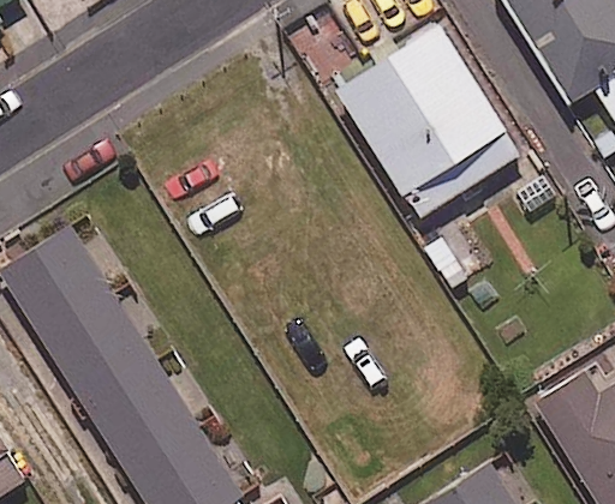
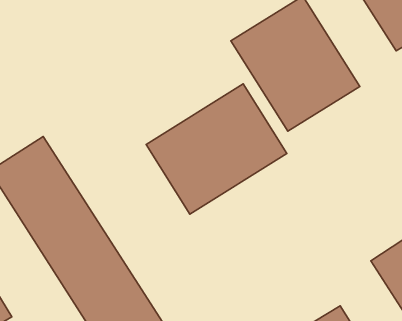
building: none -> [146,84,287,214]

